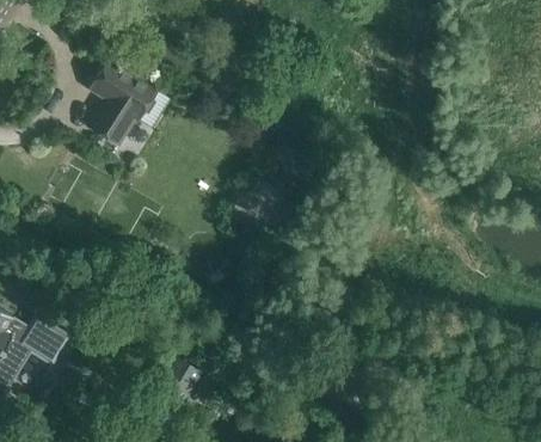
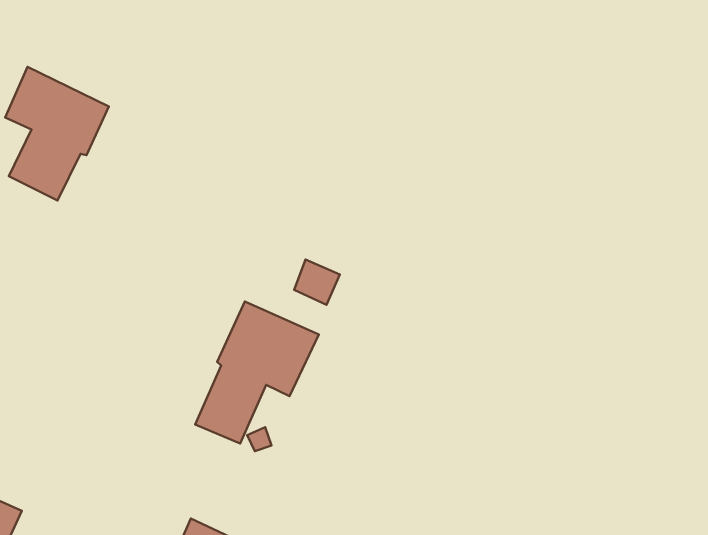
building: none -> [195,302,319,444]

